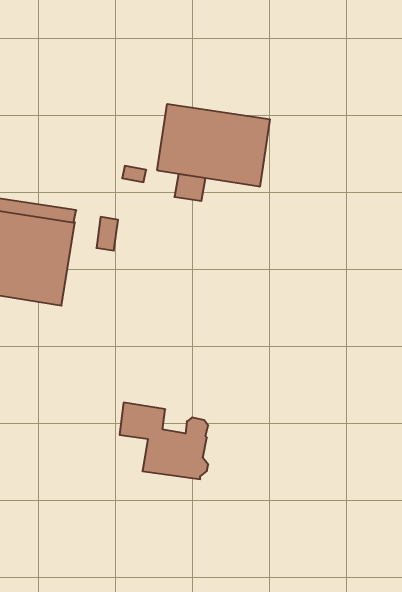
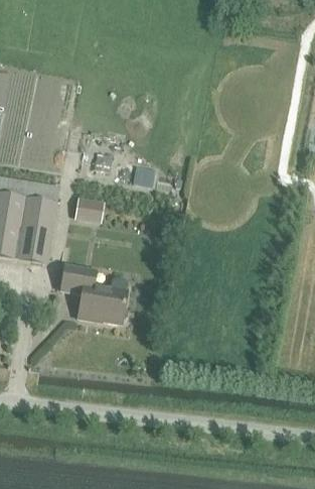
building: [157,104,270,187] -> none
building: [120,403,208,479] -> [62,265,129,323]

